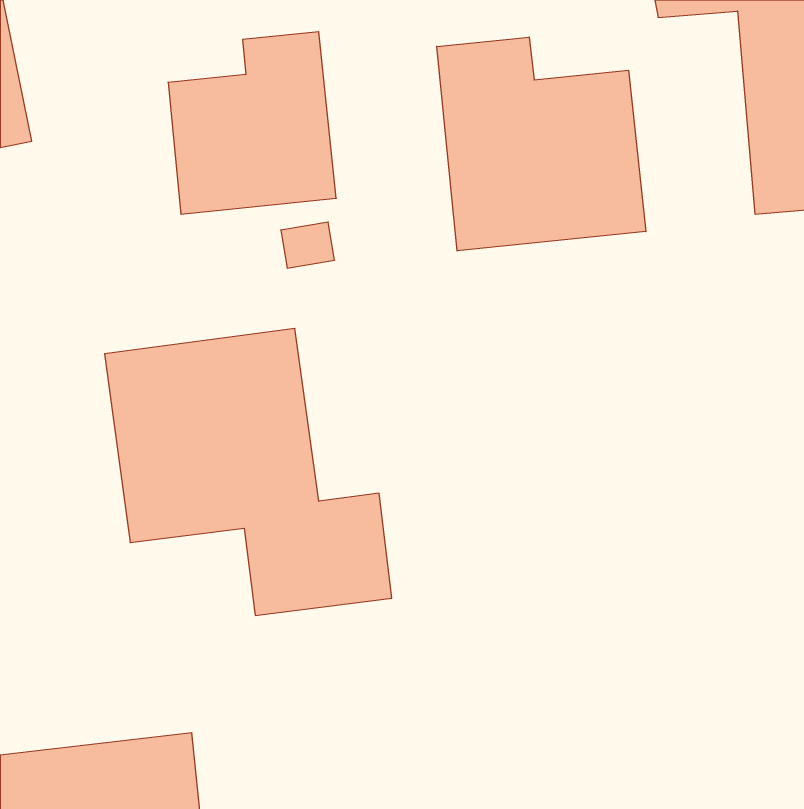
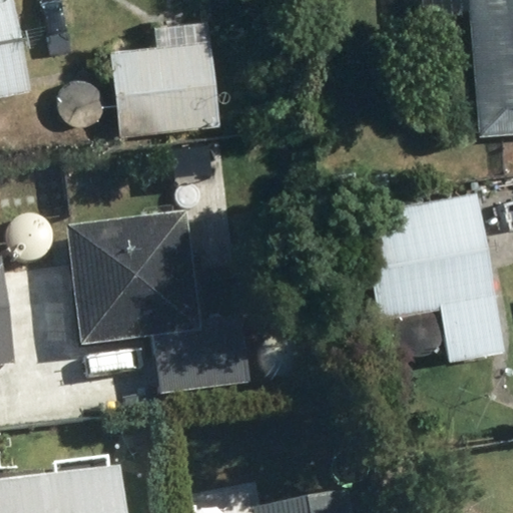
building: [437,37,646,251] -> none
building: none -> [318,170,503,362]

